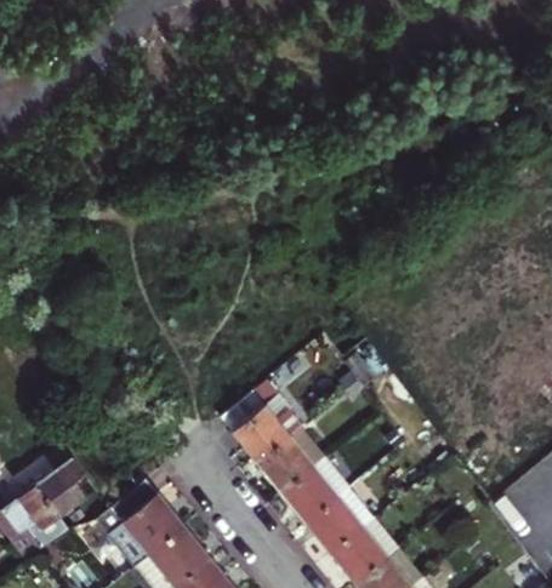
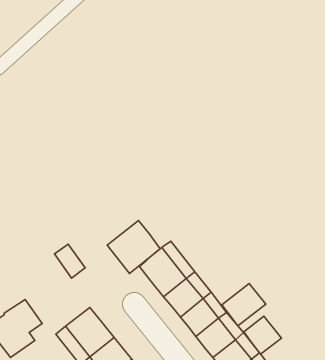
building: none -> [107,220,160,273]
building: none -> [222,283,266,326]
building: [50,456,96,507] -> [54,244,85,278]
building: none -> [244,316,282,354]

